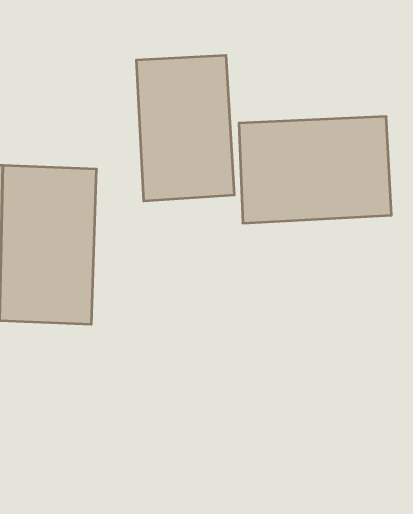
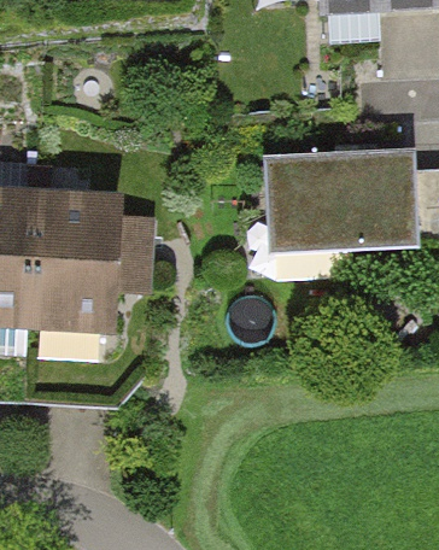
building: [136,55,234,201] -> none

